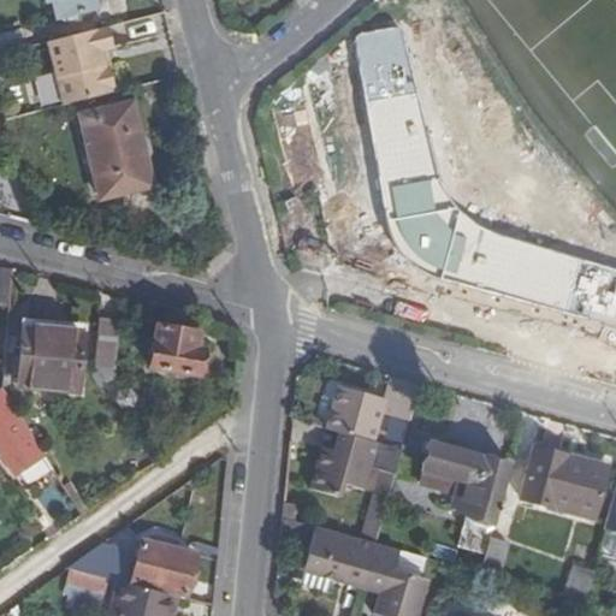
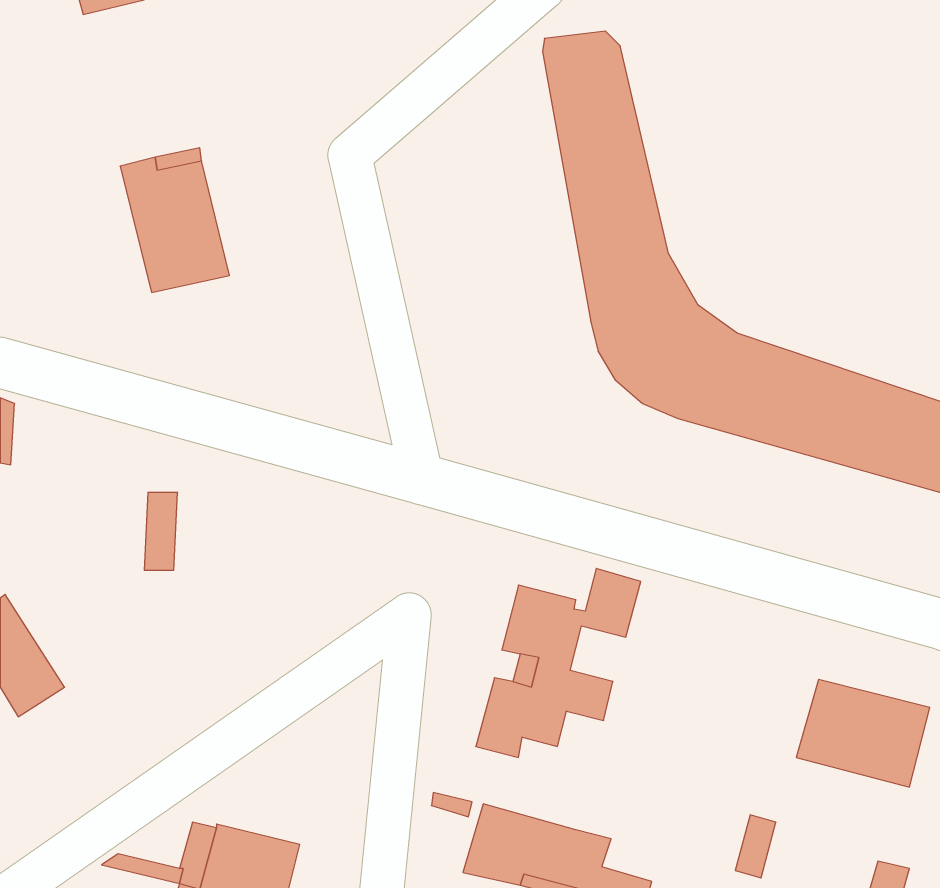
building: [49,24,114,102] -> none
building: [149,324,201,374] -> none
building: [18,325,82,390] -> none
building: [417,440,509,522] -> none

